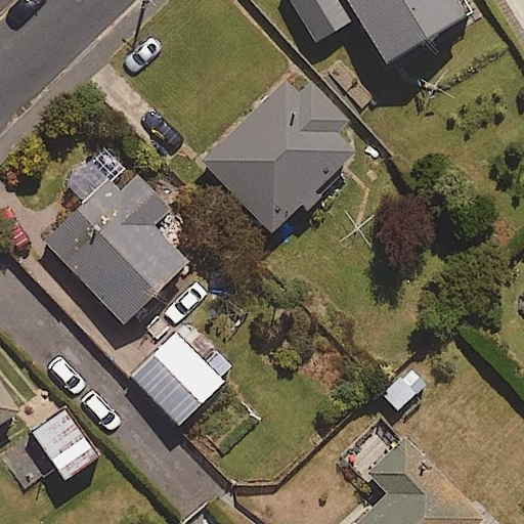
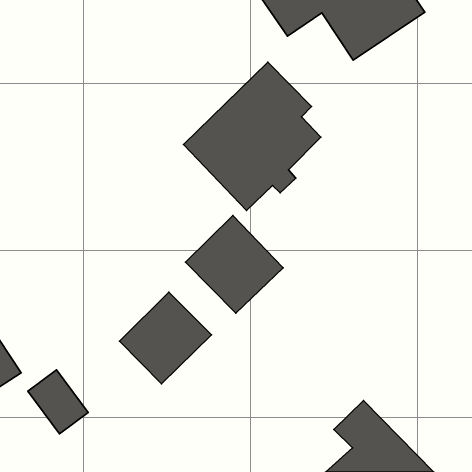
building: [44,164,188,323] -> none
building: none -> [186,216,283,313]

